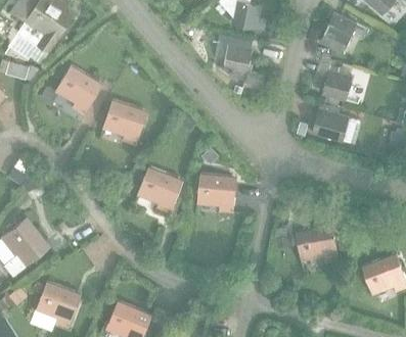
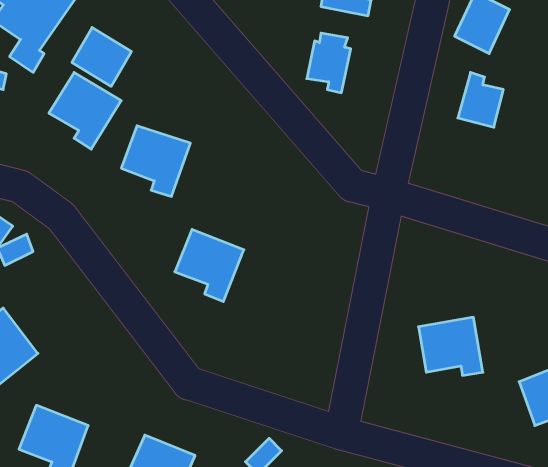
building: none -> [72,27,131,86]
building: [311,105,348,141] -> none
building: [196,174,236,213] -> none

